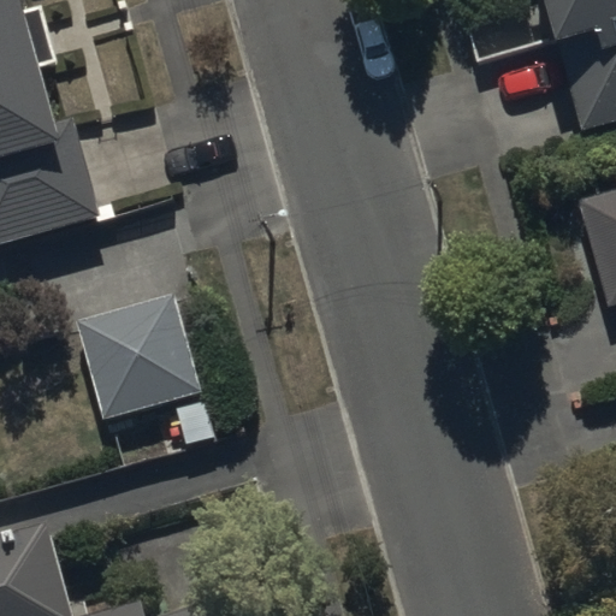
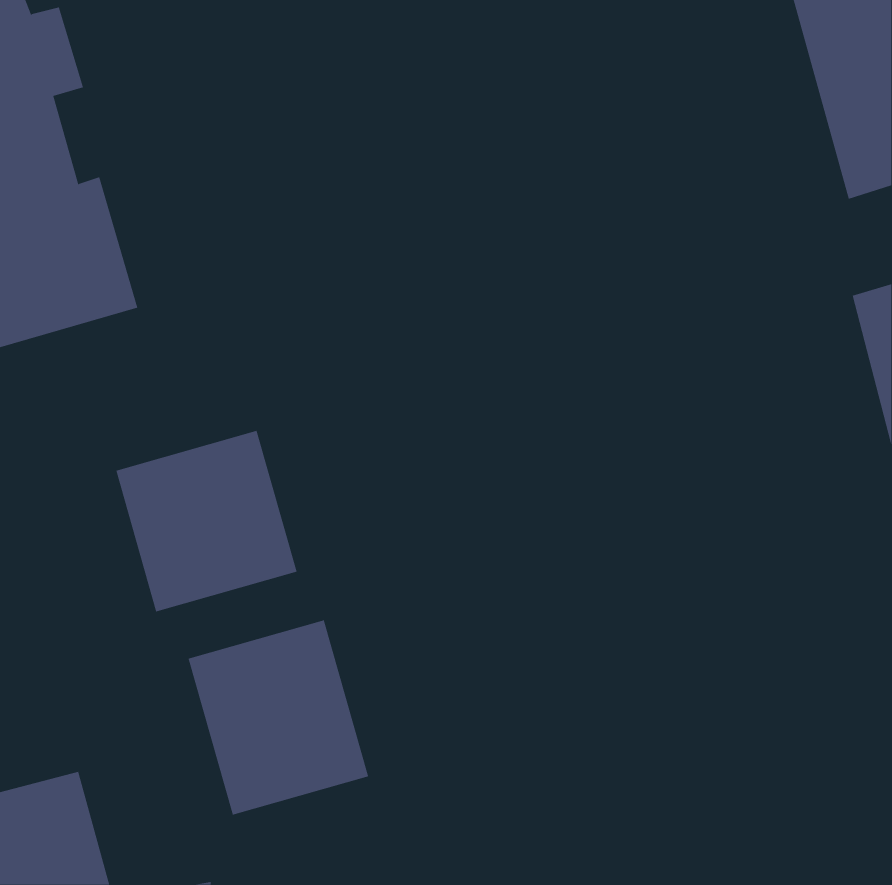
building: none -> [188,620,369,815]

